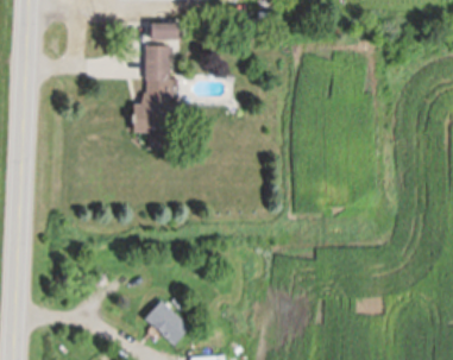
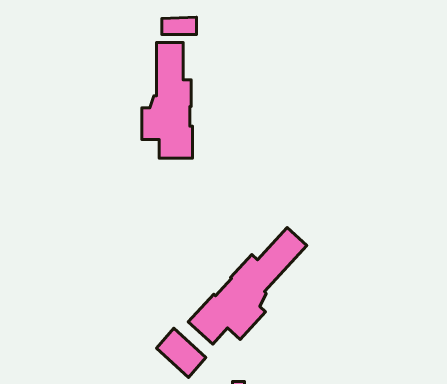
building: none -> [188,228,307,344]

